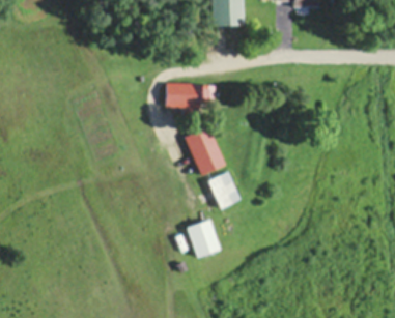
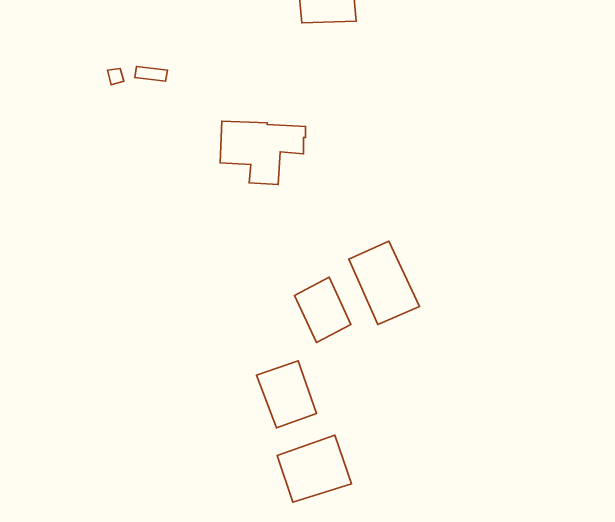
building: [186,127,226,175] -> [349,241,420,325]
building: none -> [277,435,352,502]

